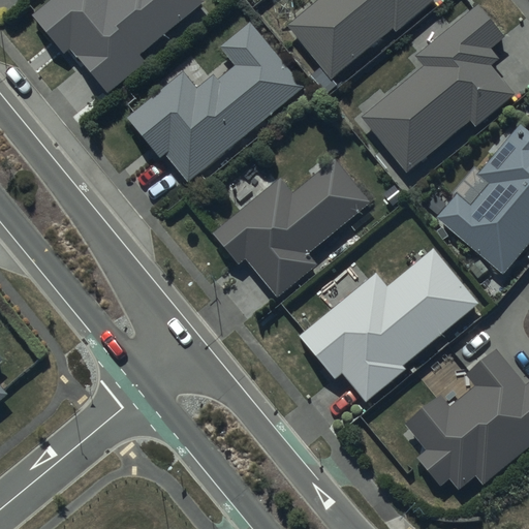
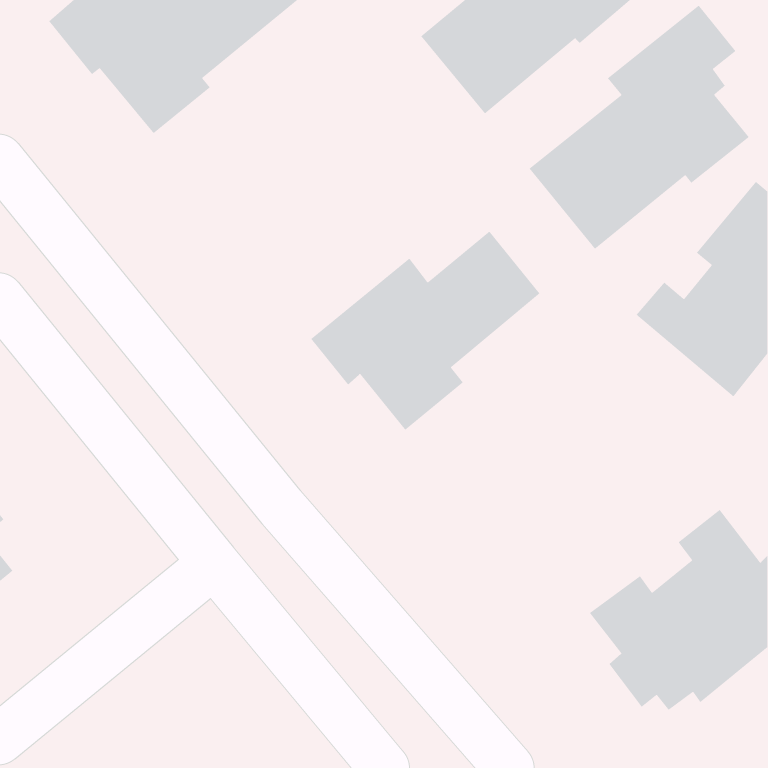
building: [125,21,303,181] -> none
building: [299,247,478,401] -> none

